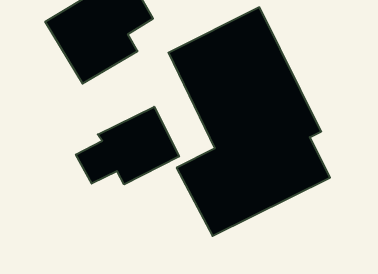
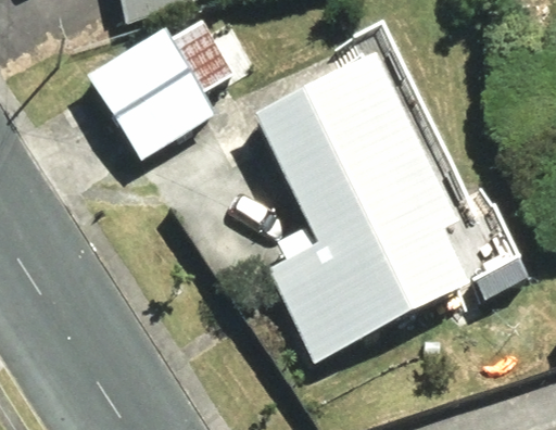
building: [76,107,179,184] -> none

